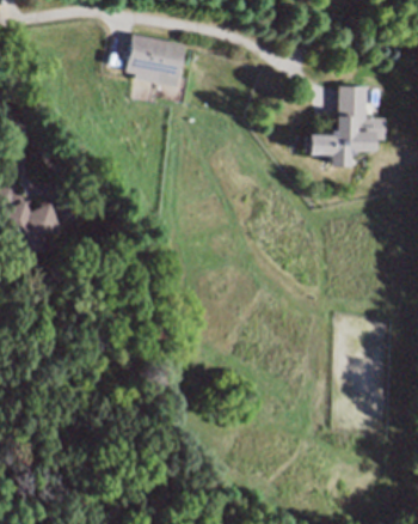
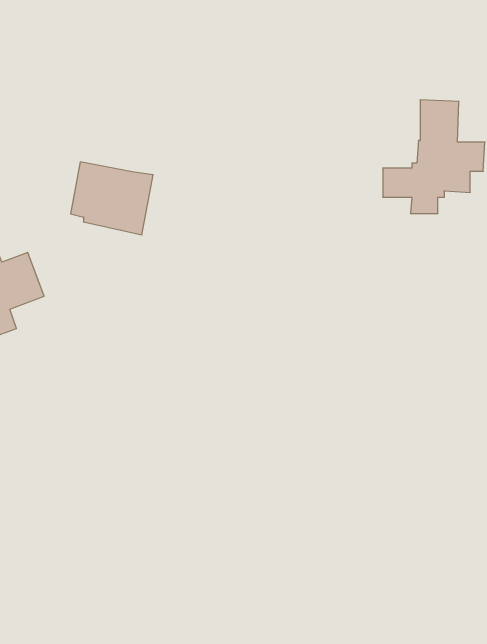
building: [125,33,186,87] -> [71,162,153,235]

